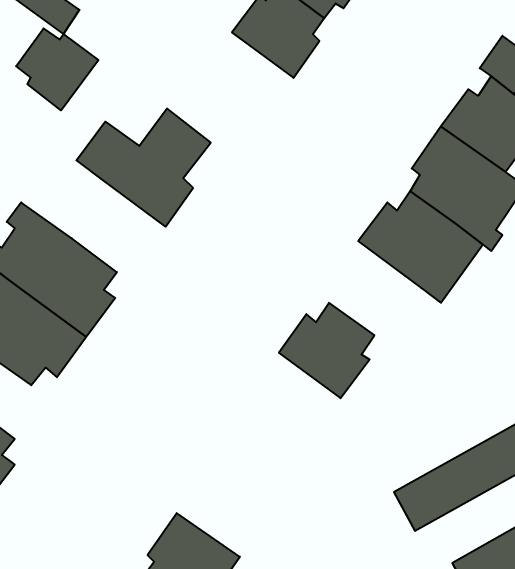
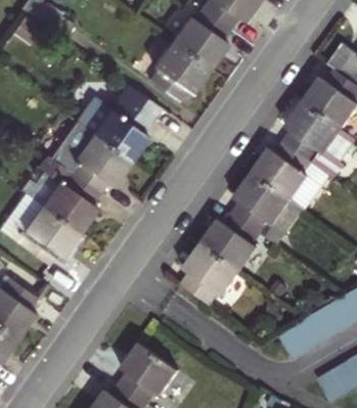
building: [16,28,98,110] -> none
building: none -> [148,42,210,103]
building: none -> [70,135,129,193]
building: none -> [232,174,303,246]
building: none -> [180,244,239,306]

